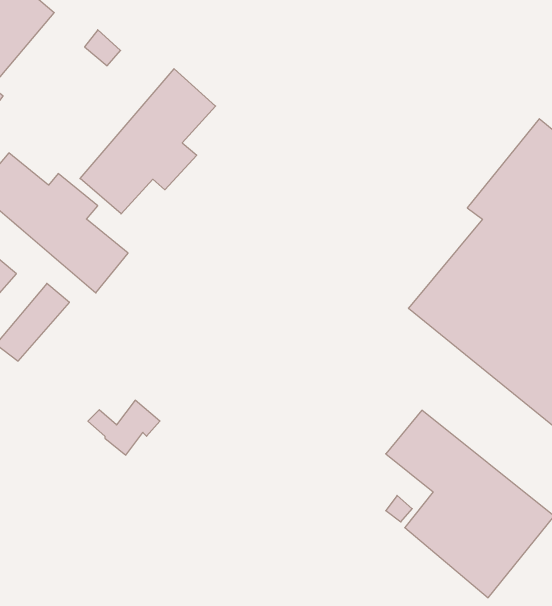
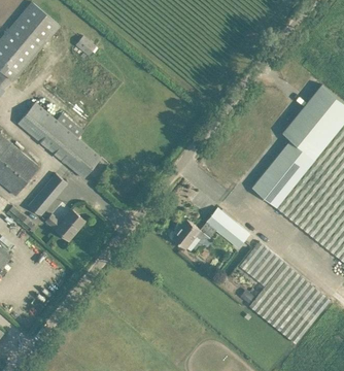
building: [80,69,216,214] -> none
building: none -> [172,207,249,248]
building: [88,400,160,455] -> [45,209,84,239]

